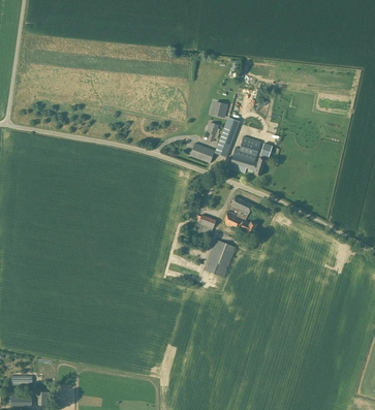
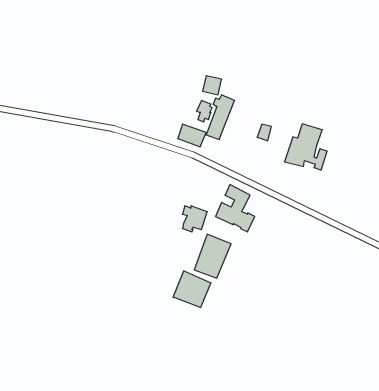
building: [227,135,264,176] -> [284,124,327,170]
building: none -> [173,271,211,308]

